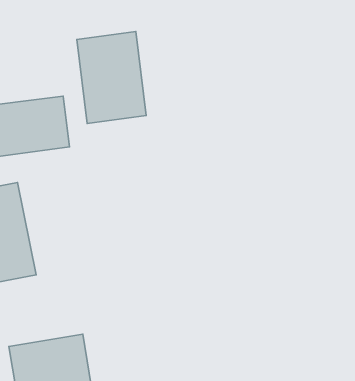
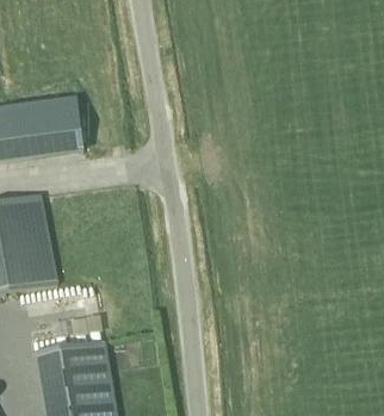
building: [77,31,146,124] -> none

